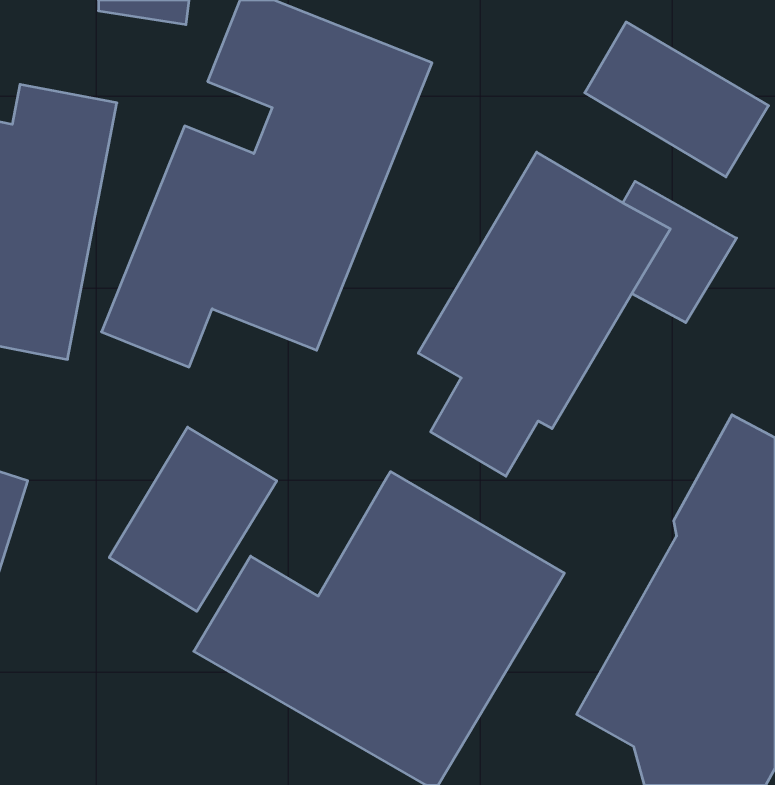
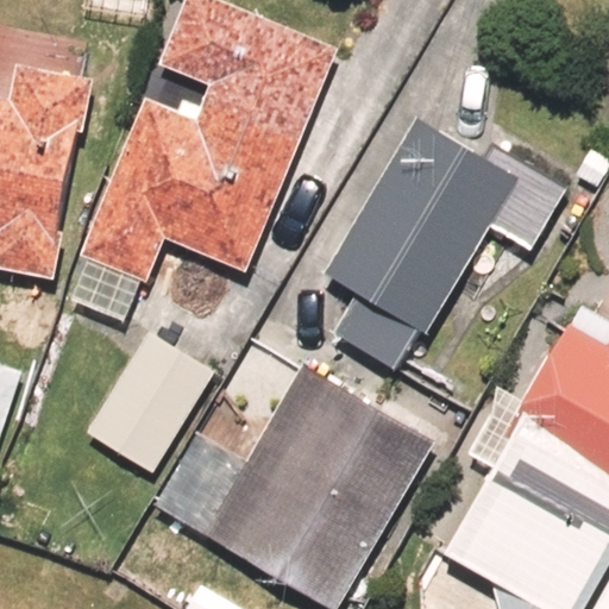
building: [585,22,769,177] -> none

